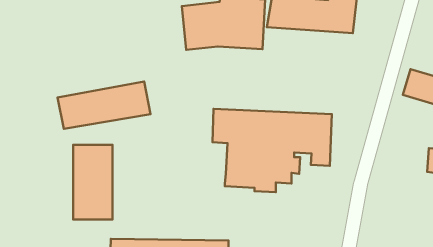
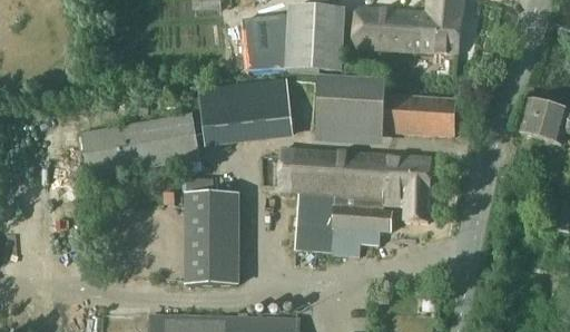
building: none -> [197,75,293,143]
building: none -> [316,80,454,135]
building: [73,145,113,220] -> [184,192,234,286]

